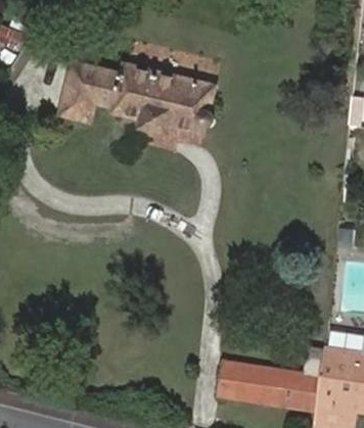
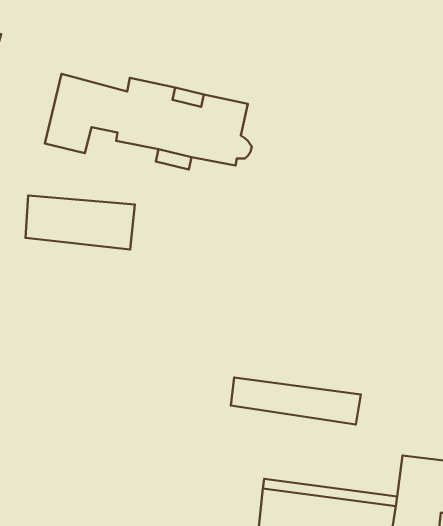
building: none -> [25,196,135,249]
building: none -> [231,378,361,424]

